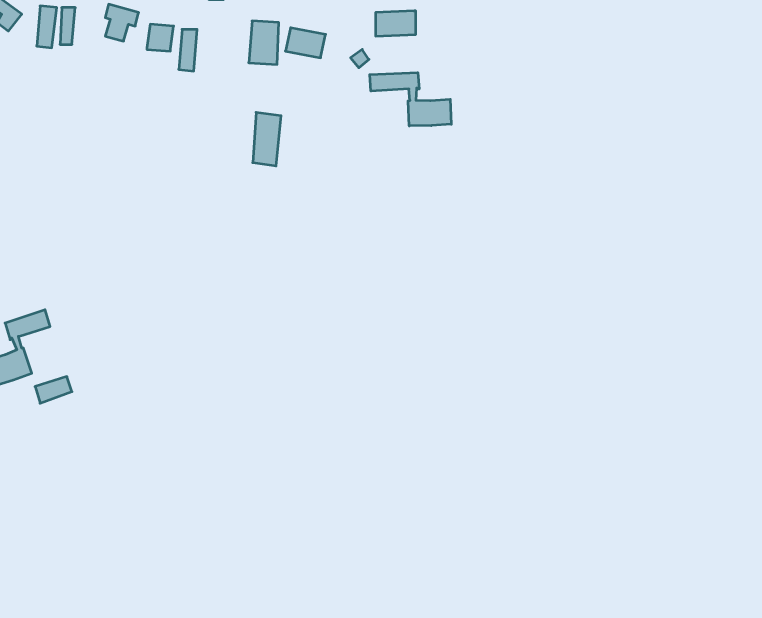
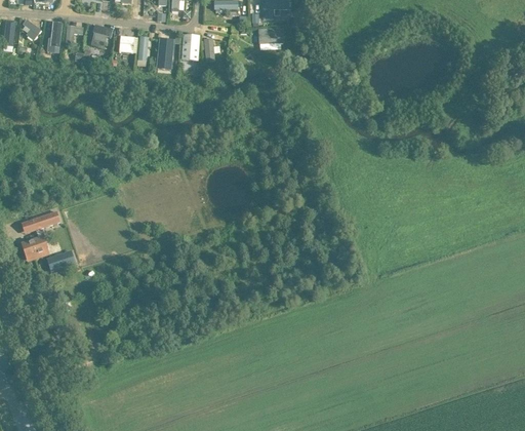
building: [370,73,451,126] -> none
building: [253,112,281,166] -> [157,38,174,71]

